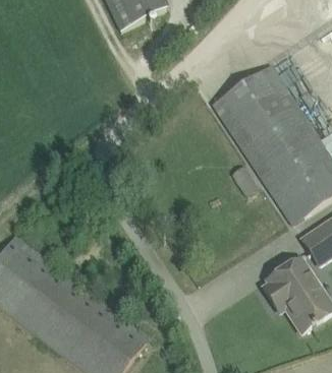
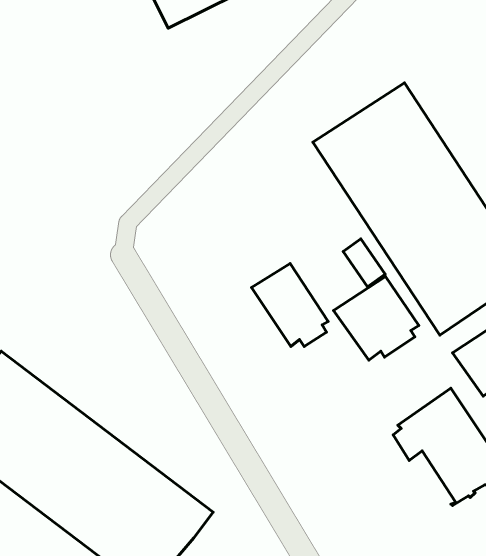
building: none -> [251,263,328,347]
building: none -> [334,276,419,360]

